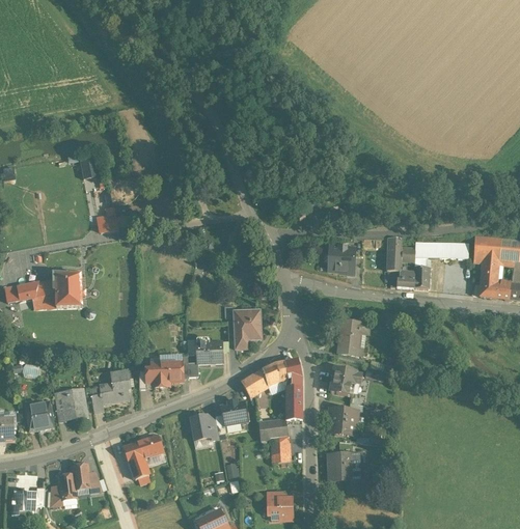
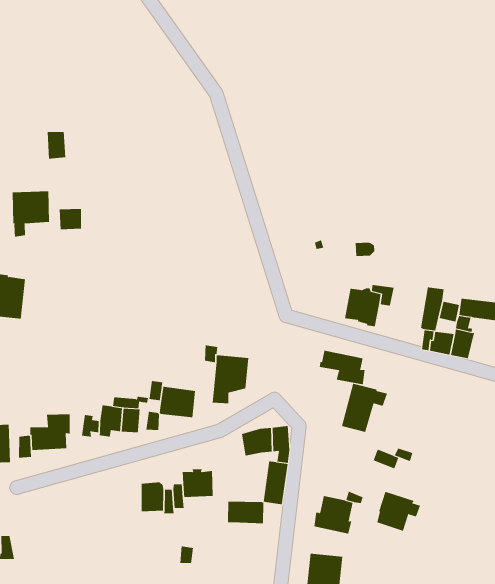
building: none -> [12,191,50,238]
building: none -> [319,350,365,385]
building: [330,367,362,396] -> [377,491,421,532]
building: [241,369,267,397] -> none
building: [124,435,163,478] -> none
building: [270,436,290,464] -> none

